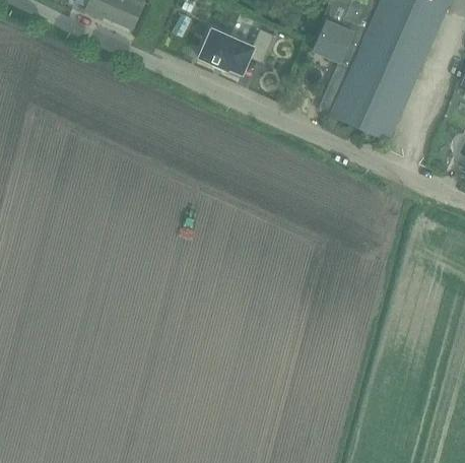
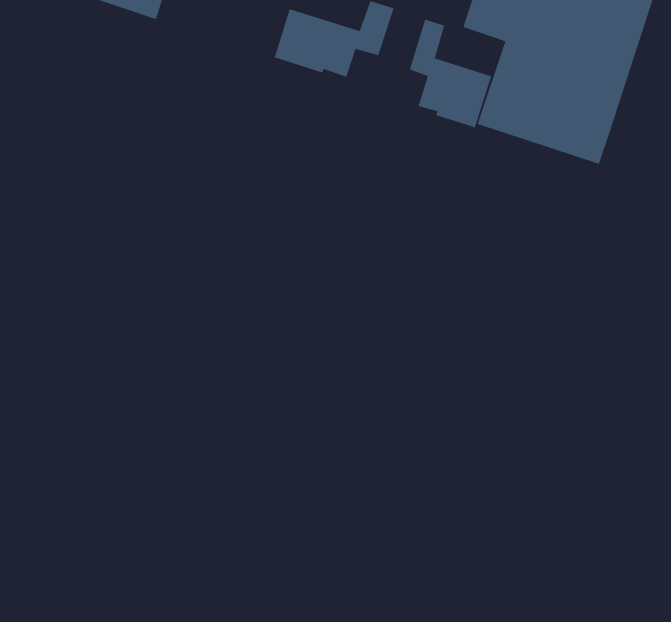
building: none -> [409,19,492,128]

